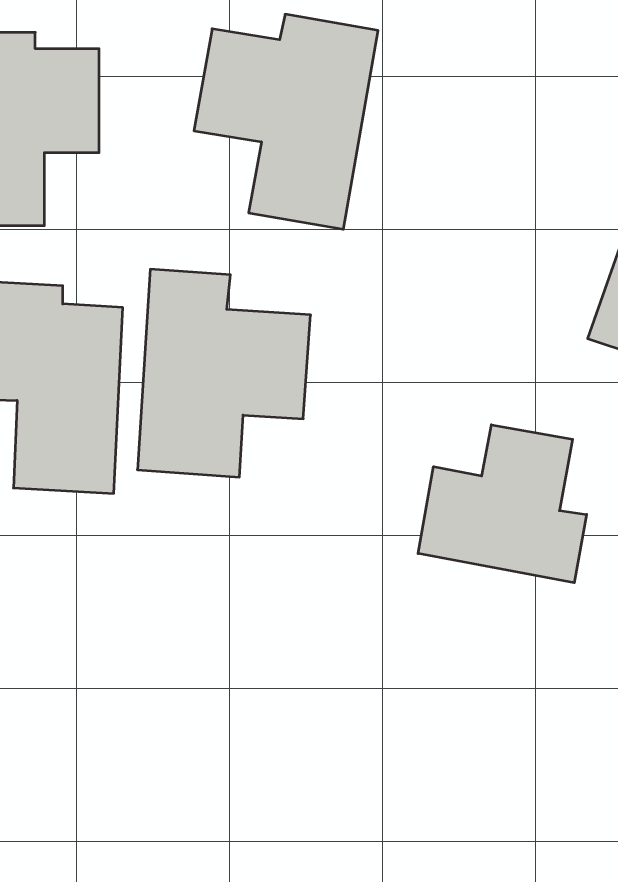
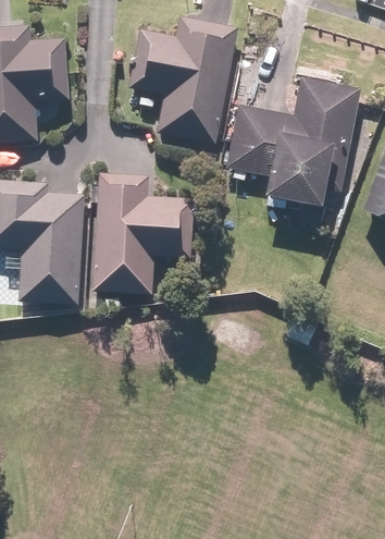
building: none -> [223,76,360,210]
building: [418,425,587,583] -> none

